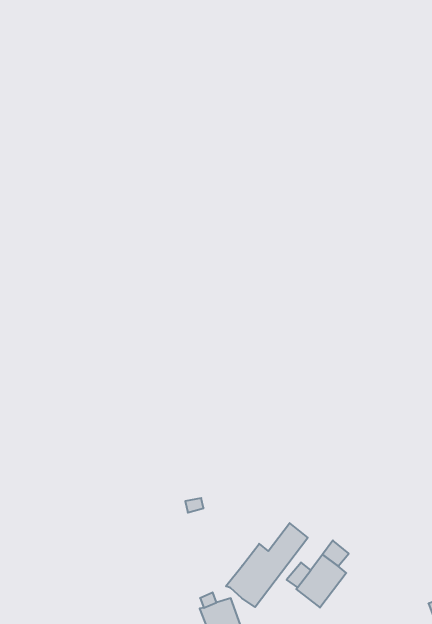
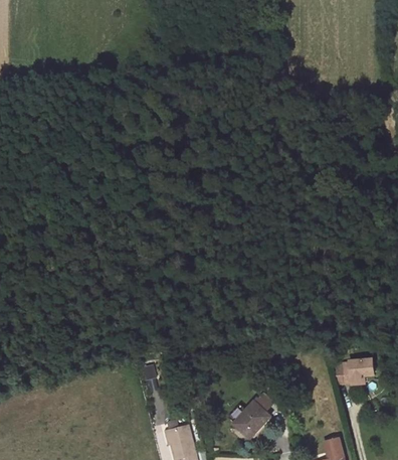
building: [226,523,308,607] -> none

